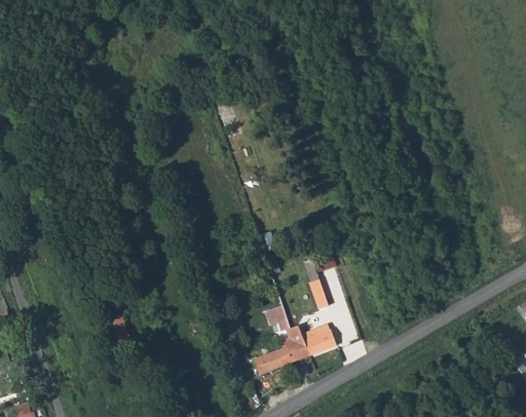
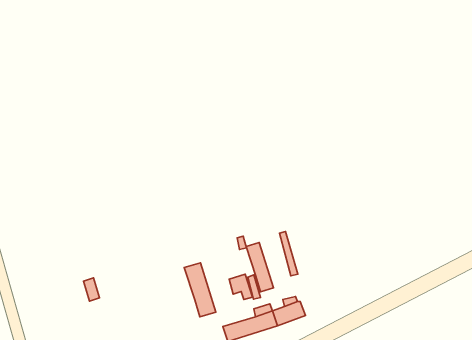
building: none -> [246,242,274,292]
building: none -> [184,263,216,317]

